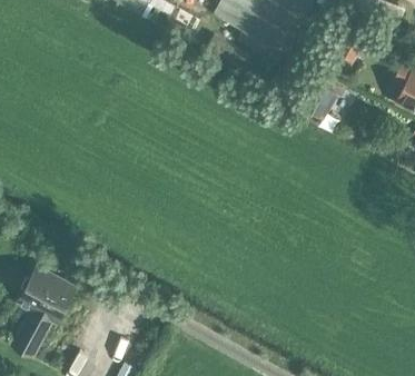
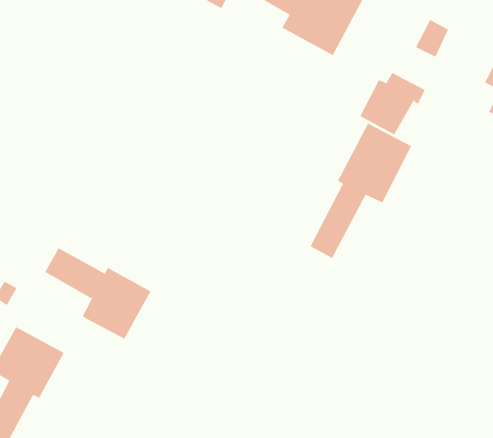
building: none -> [310,123,412,259]
building: none -> [45,248,151,339]

